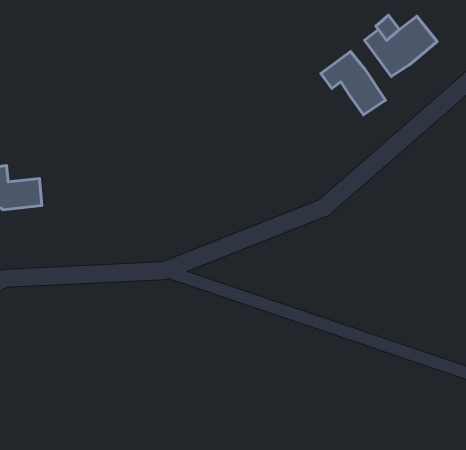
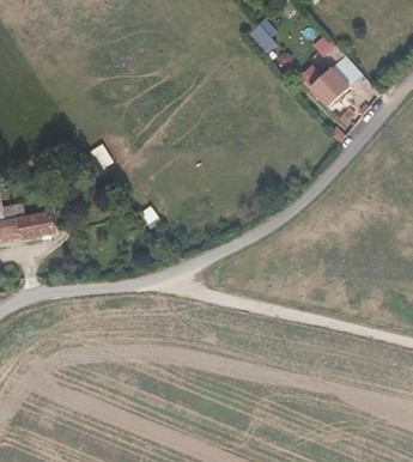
building: [321,52,385,115] -> none

